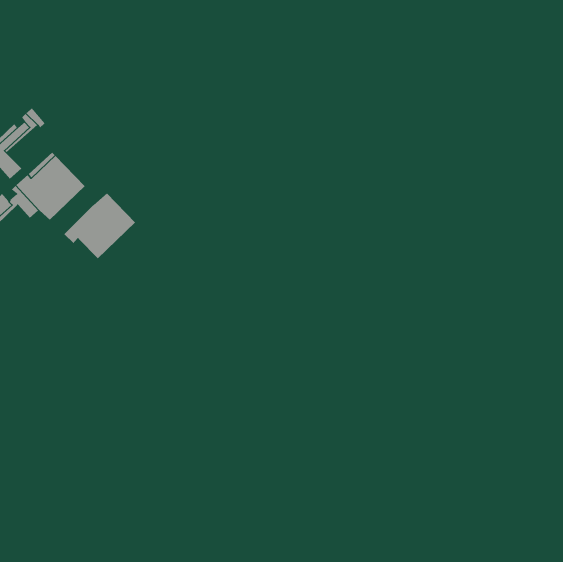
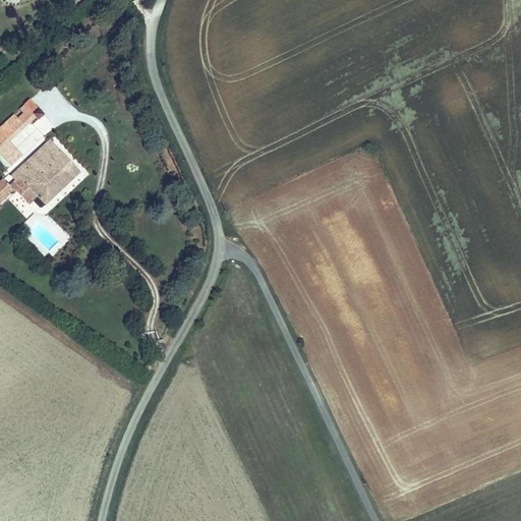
building: [63,192,136,259] -> none

